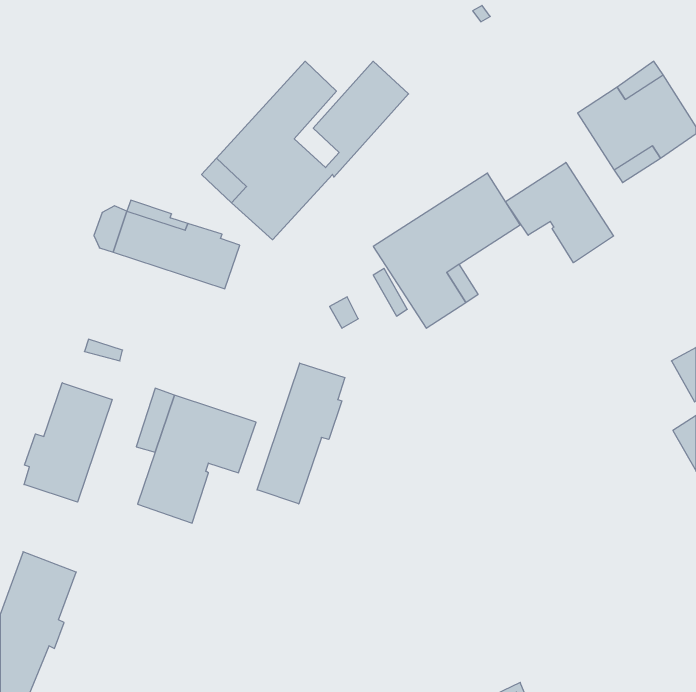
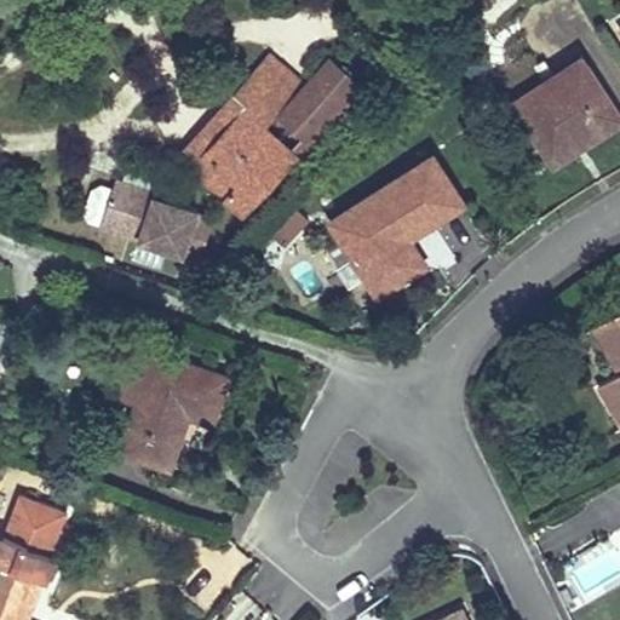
building: [506,162,614,263] -> none
building: [257,363,345,504] -> none
building: [24,383,112,502] -> none

